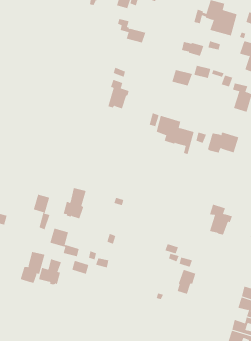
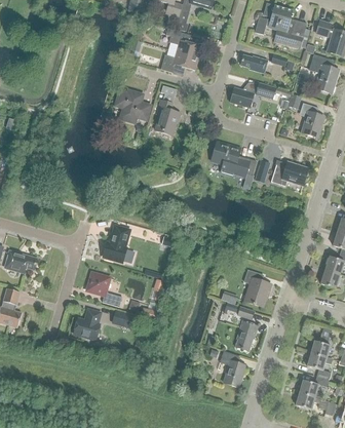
building: none -> [160,51,198,72]
building: none -> [116,89,150,122]
building: [33,194,50,230] -> none
building: [209,204,233,236] -> [243,269,271,306]
building: [19,251,45,284] -> none
building: none -> [219,350,244,386]

